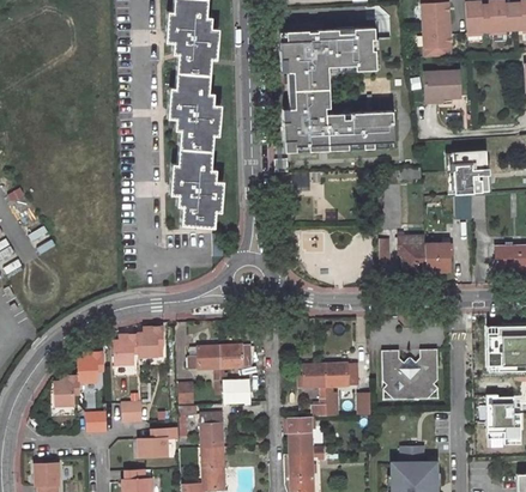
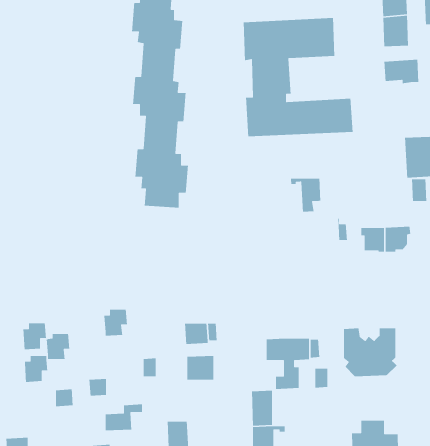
building: none -> [290,178,321,213]
building: [111,338,137,366] -> [23,323,47,350]
building: [198,345,220,396] -> none
building: [200,413,223,447] -> none

